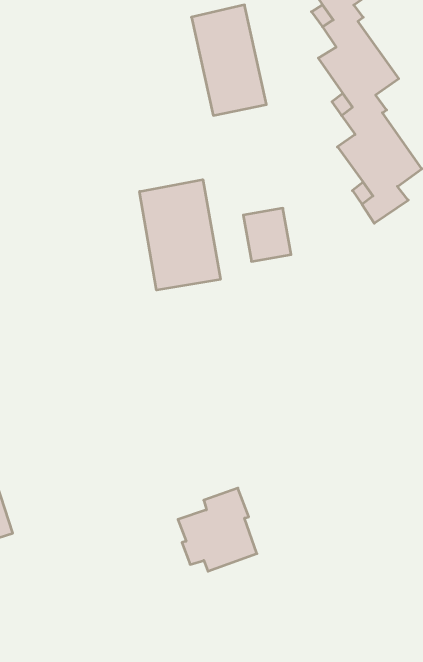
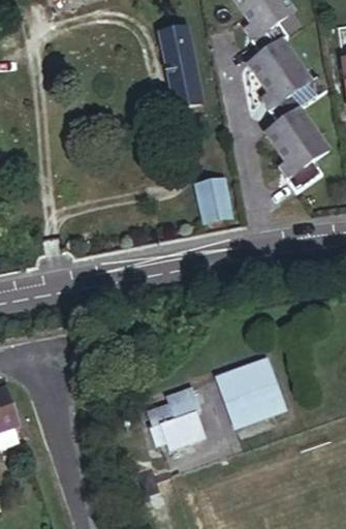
building: [140,180,220,290] -> none
building: none -> [216,362,284,429]

